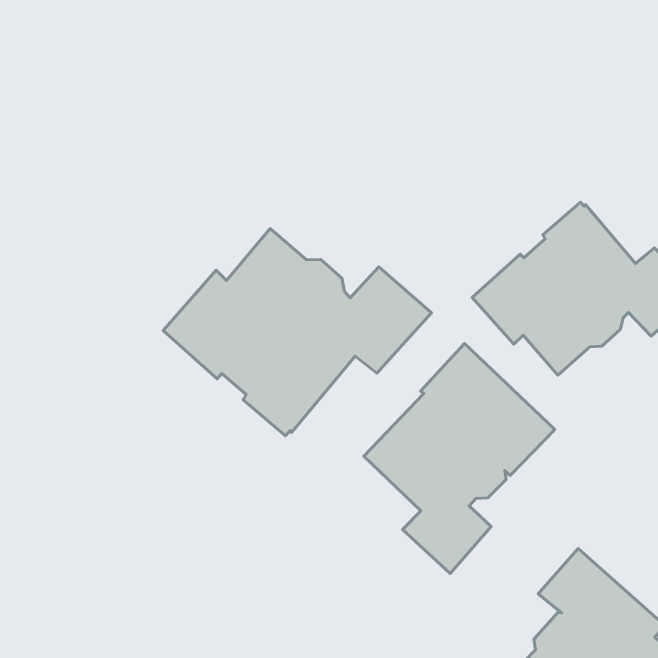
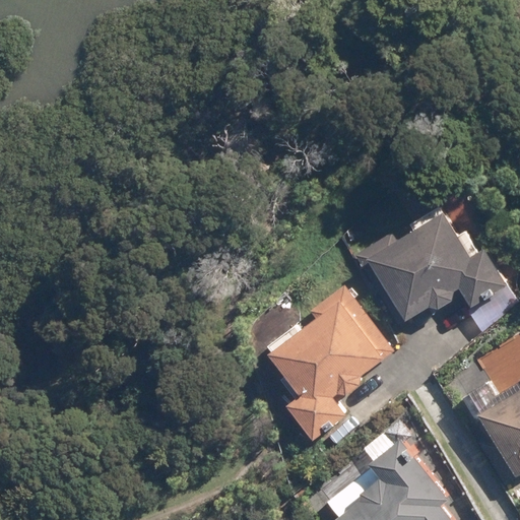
building: [163,228,431,436] -> none

